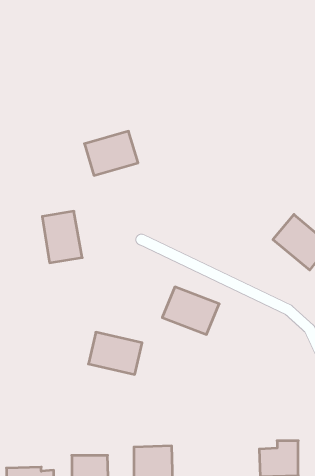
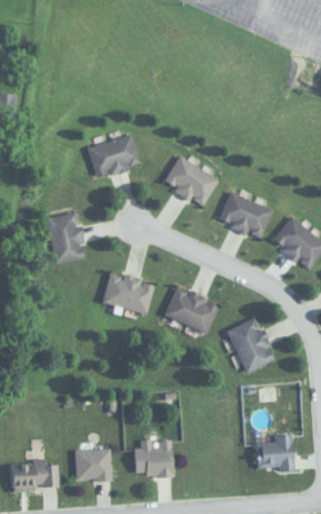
building: none -> [163,155,219,206]
building: none -> [218,191,273,238]
building: none -> [228,318,274,372]
building: [88,332,142,374] -> [102,272,154,313]

